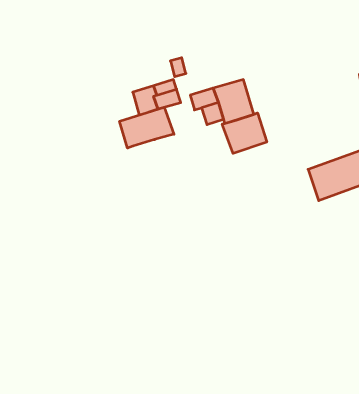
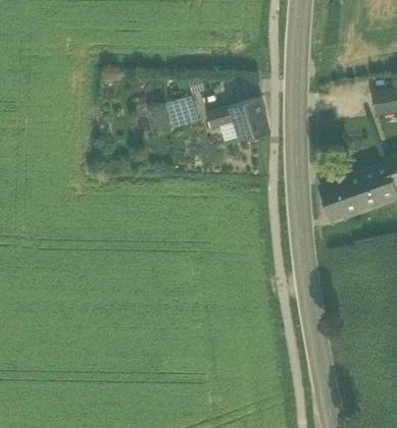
building: [120,107,174,148] -> none
building: [222,113,267,153] -> none

